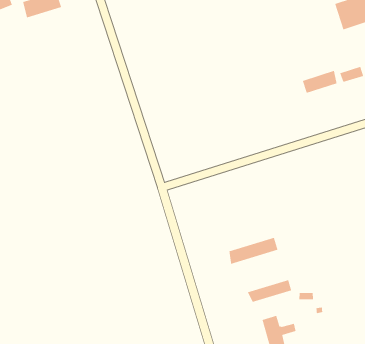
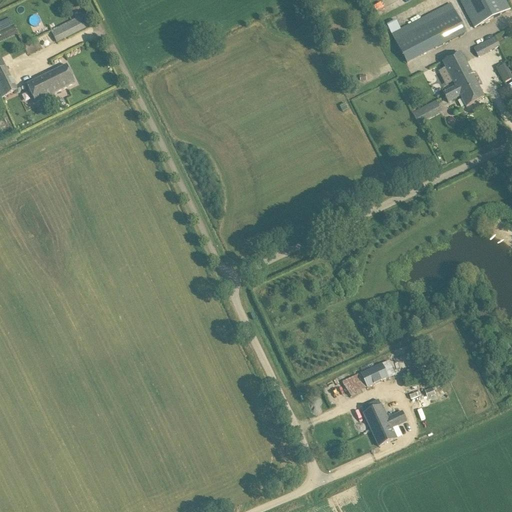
building: [302,70,337,94] -> none
building: [228,237,279,265] -> none

